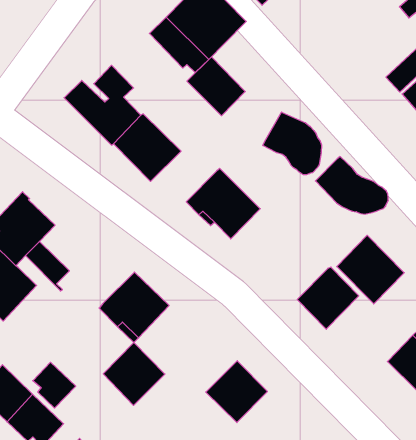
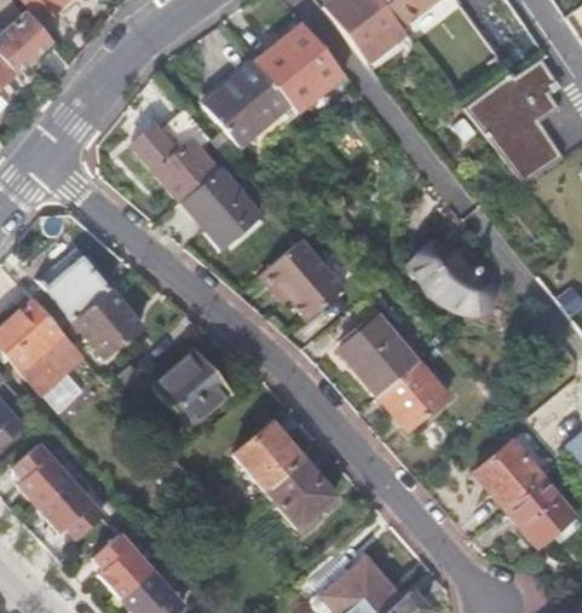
building: none -> [477,94,528,144]
building: [187,57,245,116] -> [204,79,270,146]
building: [263,112,321,175] -> none
building: none -> [91,288,142,341]
building: [337,235,404,304] -> [340,316,416,394]
building: [103,343,165,405] -> [235,420,305,491]
building: [33,362,76,408] -> none

